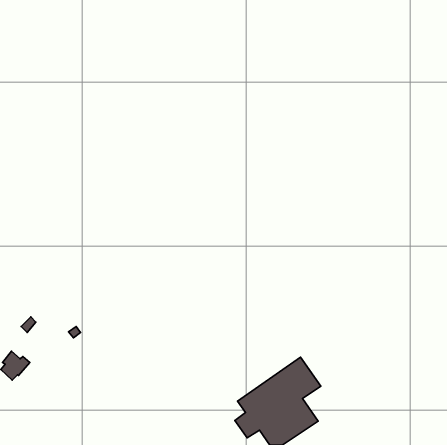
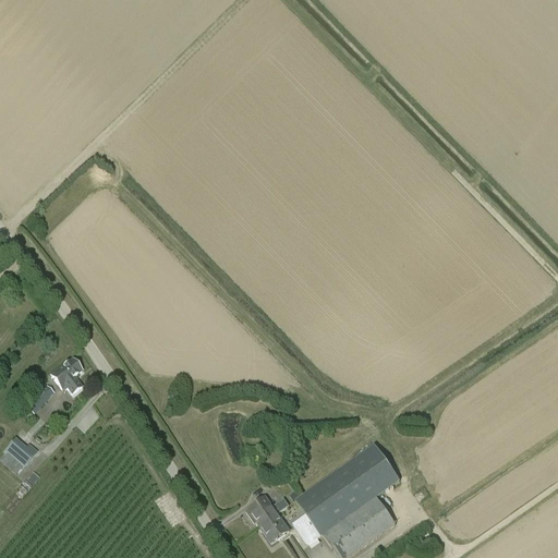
building: none -> [51,357,83,393]
building: none -> [245,494,290,542]

